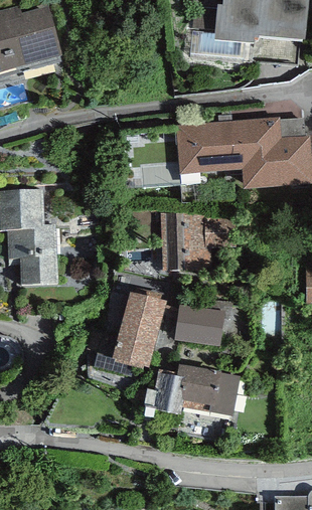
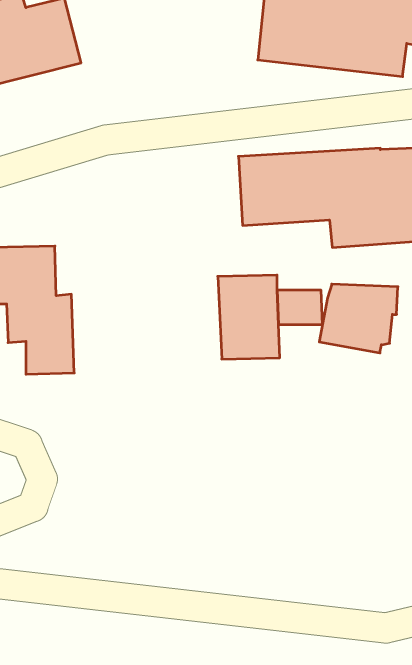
building: [90,295,165,372] -> none
building: [174,298,231,348] -> [319,284,398,353]
building: [143,365,240,419] -> none

